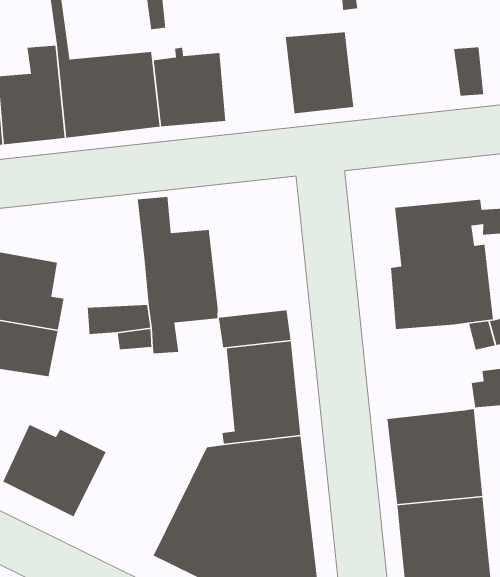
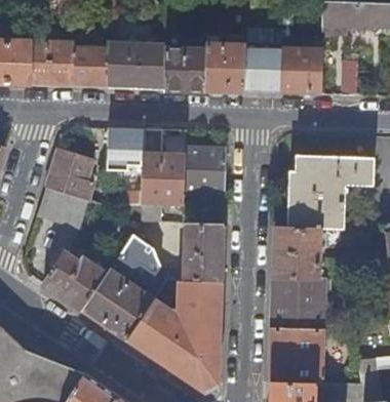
building: none -> [279,48,322,94]
building: none -> [203,44,245,92]
building: none -> [108,128,145,166]
building: none -> [184,147,226,200]
building: none -> [273,227,320,279]
building: none -> [119,235,160,274]
building: none -> [82,269,153,339]

